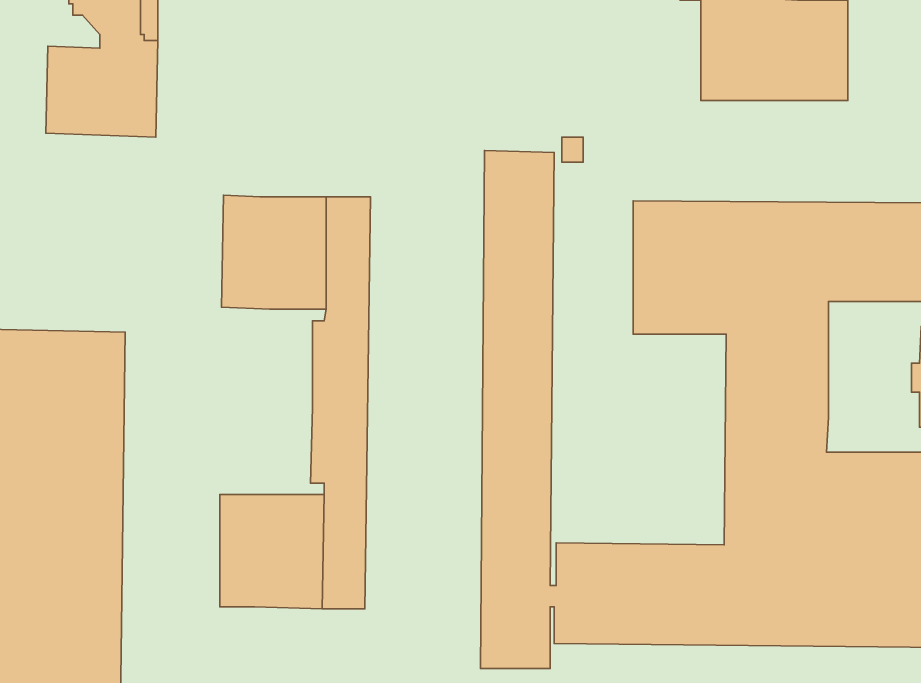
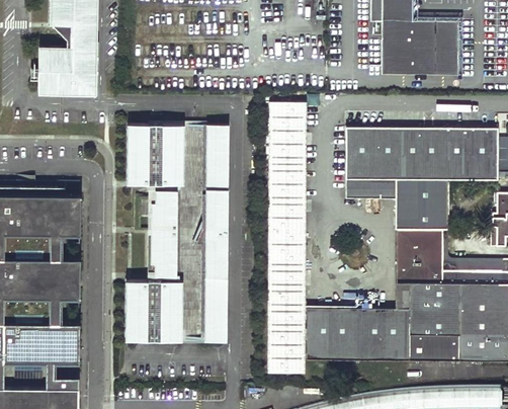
building: none -> [205,125,229,340]
building: none -> [152,188,178,229]
building: none -> [151,235,178,274]

